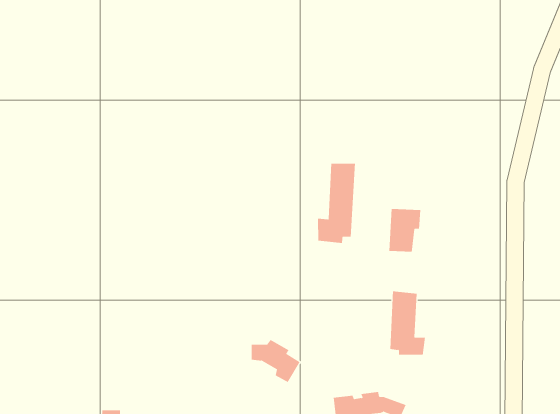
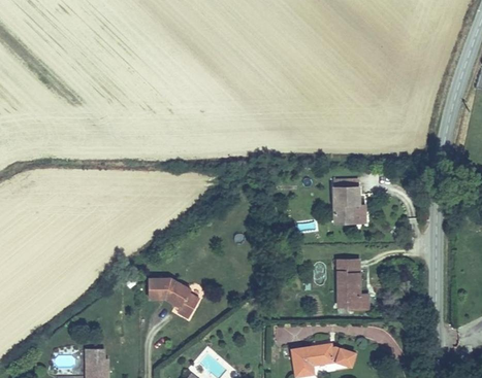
building: [318,163,355,244] -> none
building: [251,339,300,383] -> [158,281,200,318]

